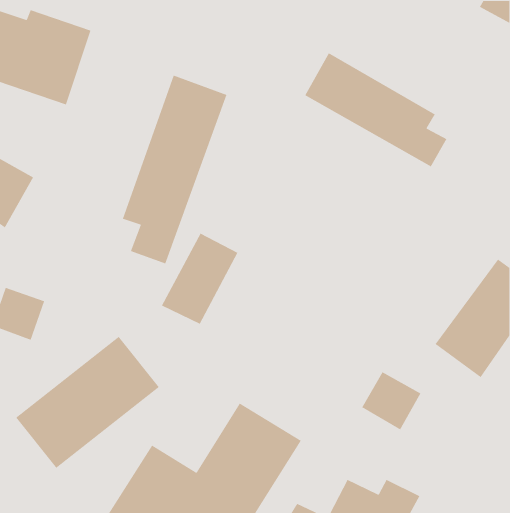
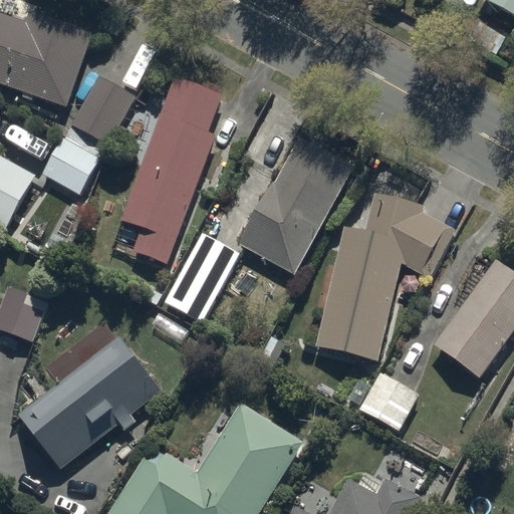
building: [304,52,447,168] -> none
building: none -> [38,71,138,197]
building: none -> [238,133,354,274]
building: none -> [316,192,455,361]

